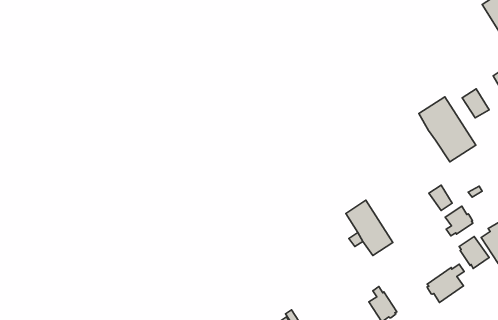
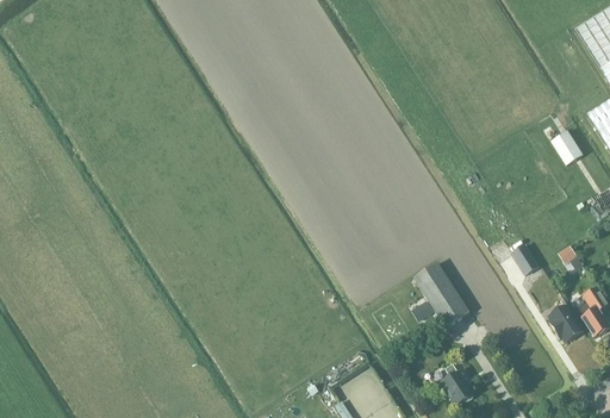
building: [419,97,476,162] -> none
building: [445,206,473,236] -> none
building: [427,264,464,303] -> none

